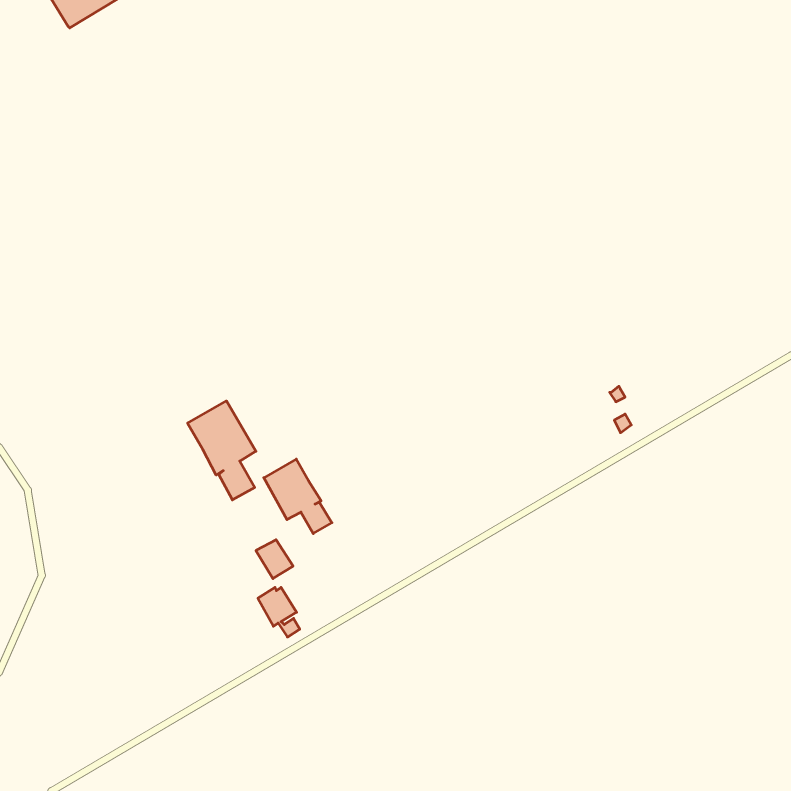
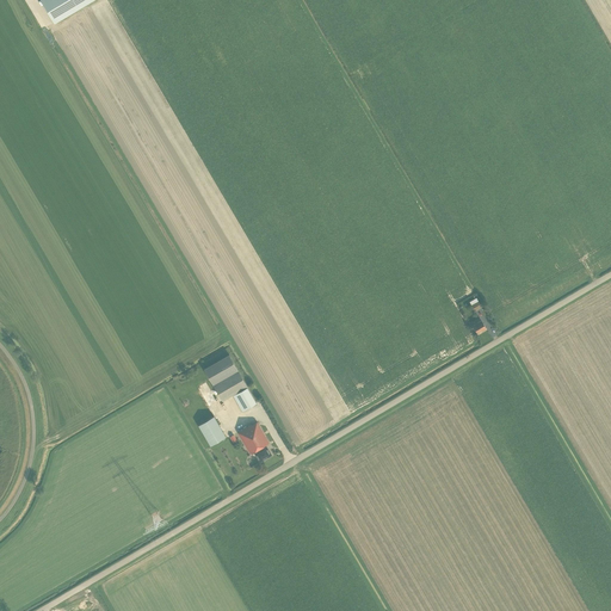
building: [188,401,256,500] -> none
building: [258,587,300,637] -> [237,422,270,461]

